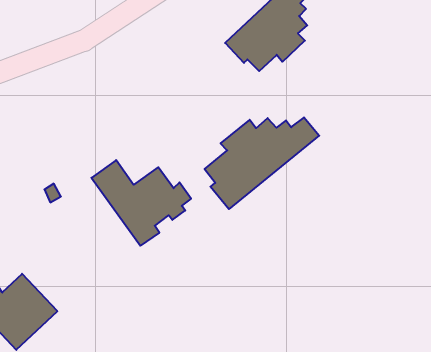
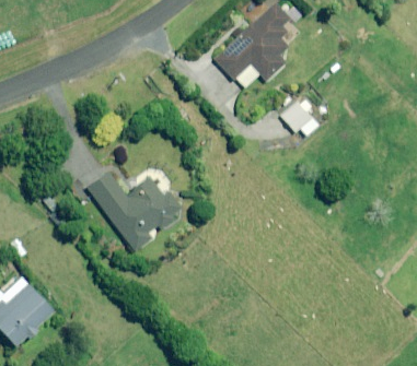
building: none -> [280,102,311,131]
building: [205,117,319,209] -> none

